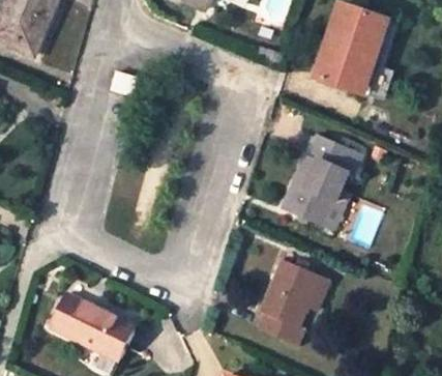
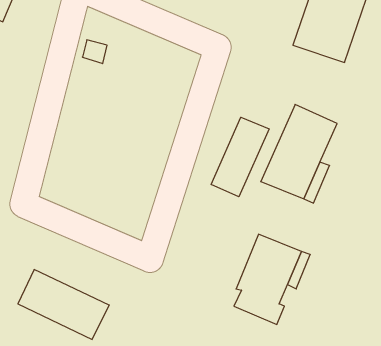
building: none -> [211,117,269,197]

